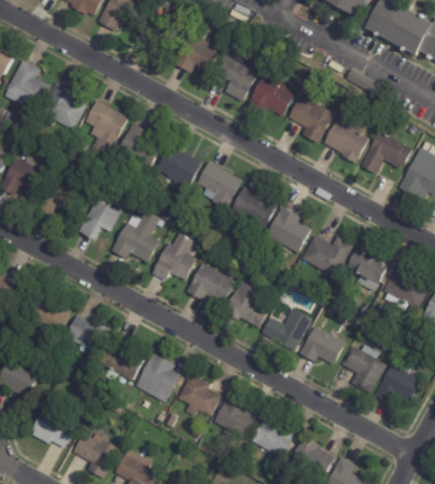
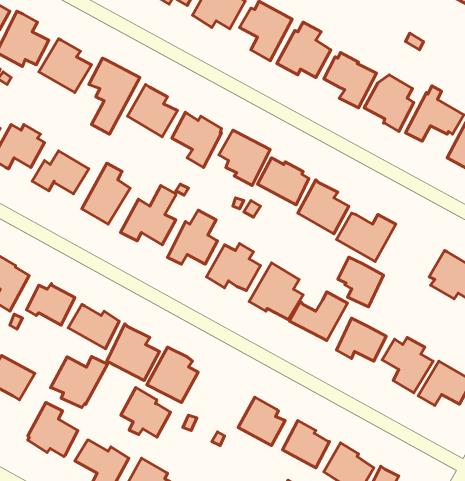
building: [347,248,387,292] -> [338,257,384,307]
building: none -> [51,356,108,408]
building: [177,374,221,417] -> [121,387,171,437]

